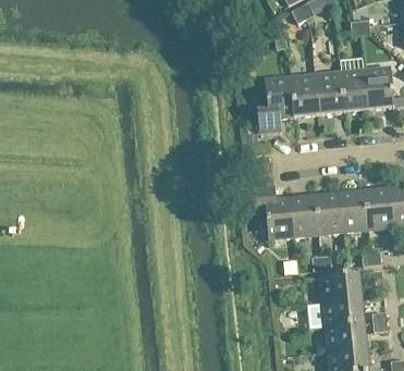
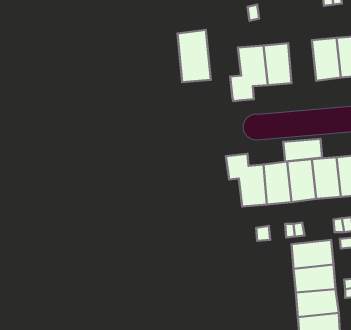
building: none -> [177,30,211,82]
building: [316,70,344,113] -> none
building: none -> [283,139,322,162]

